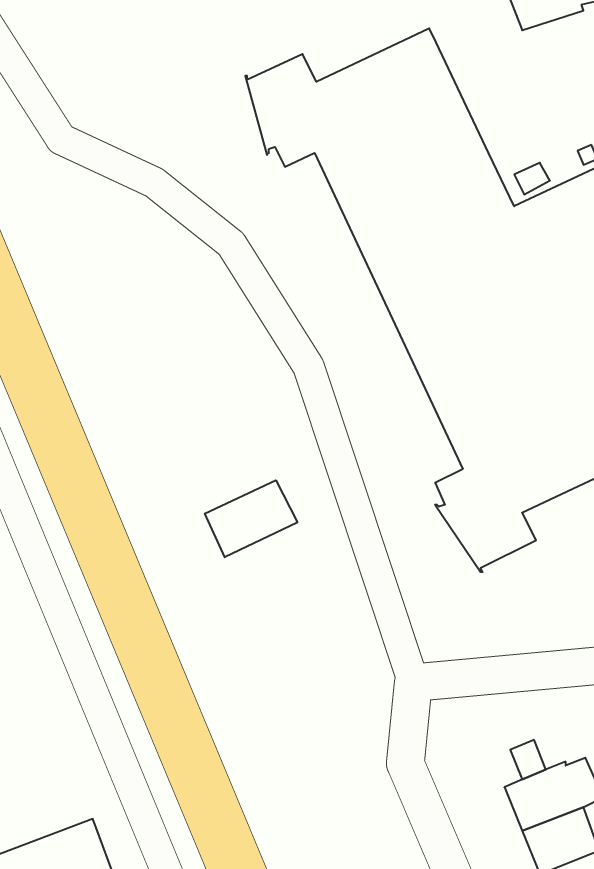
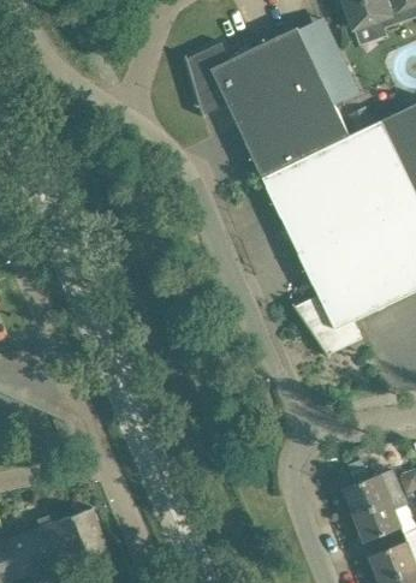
building: none -> [299,19,357,102]
building: [205,480,297,557] -> none

